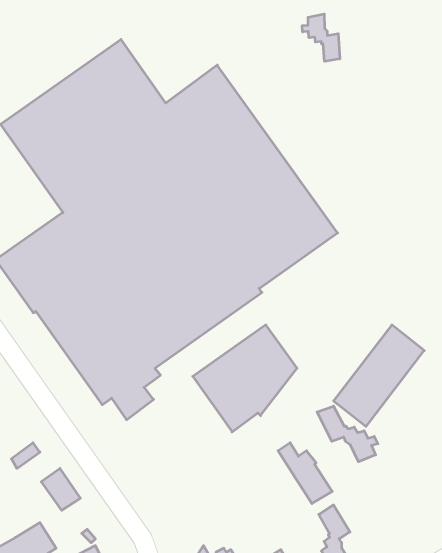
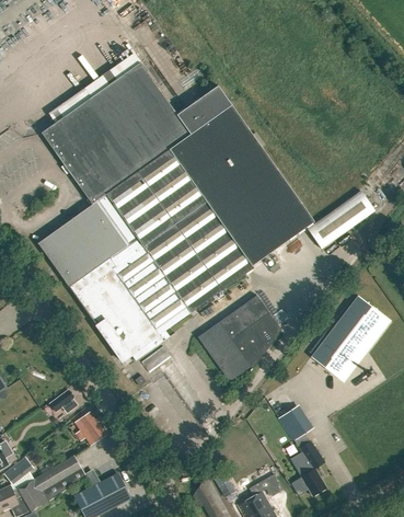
building: [302,14,340,61] -> none
building: none -> [307,191,374,249]
building: [317,406,378,462] -> none

